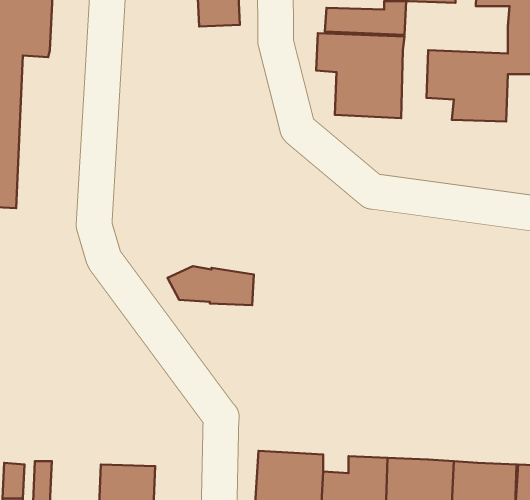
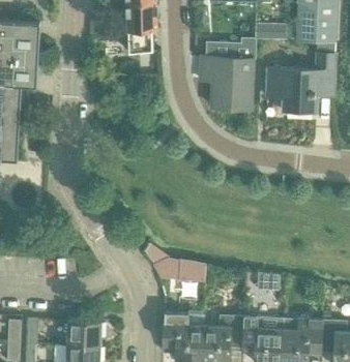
building: [167,266,254,305] -> [152,259,205,282]

